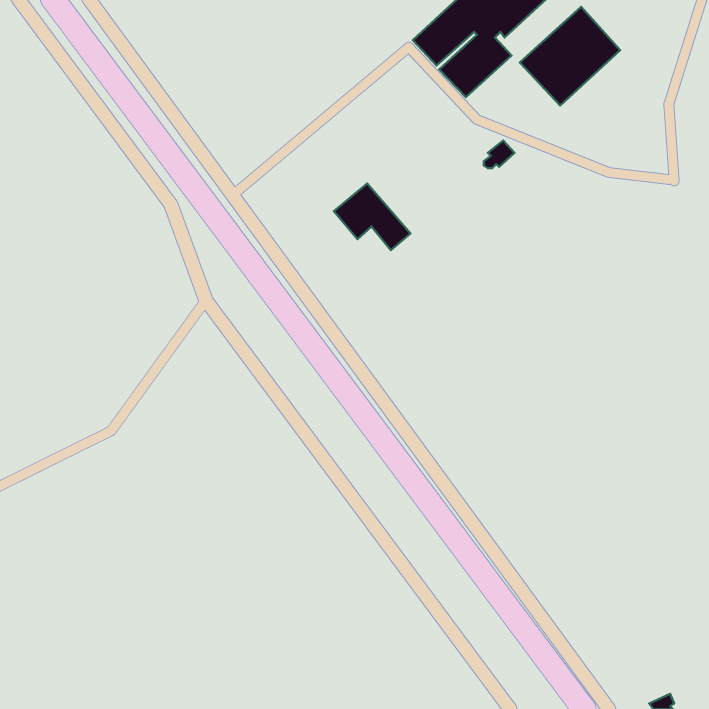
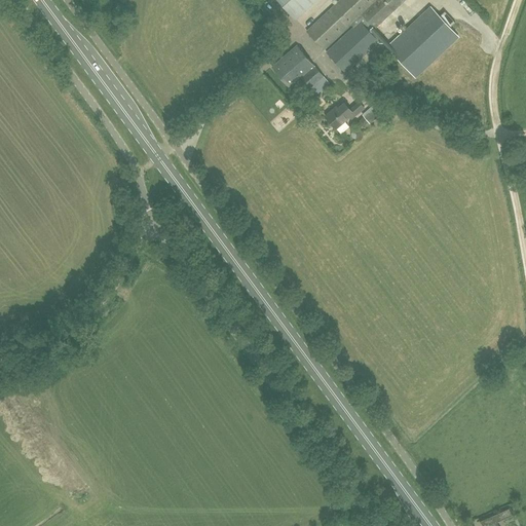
building: none -> [325,102,363,127]
building: [334,183,410,250] -> [271,45,328,95]

